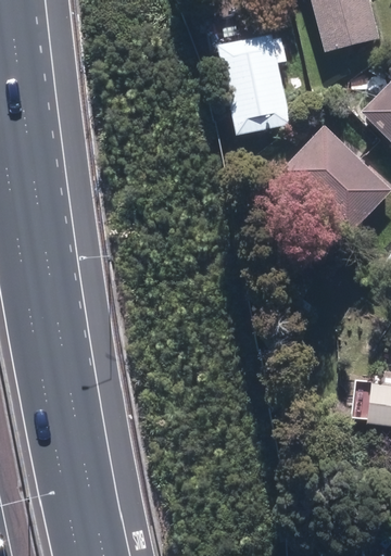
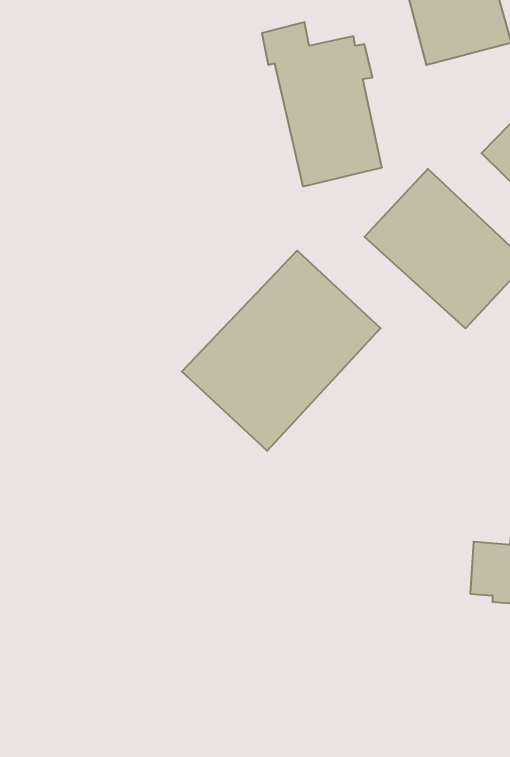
building: none -> [182,251,381,451]

